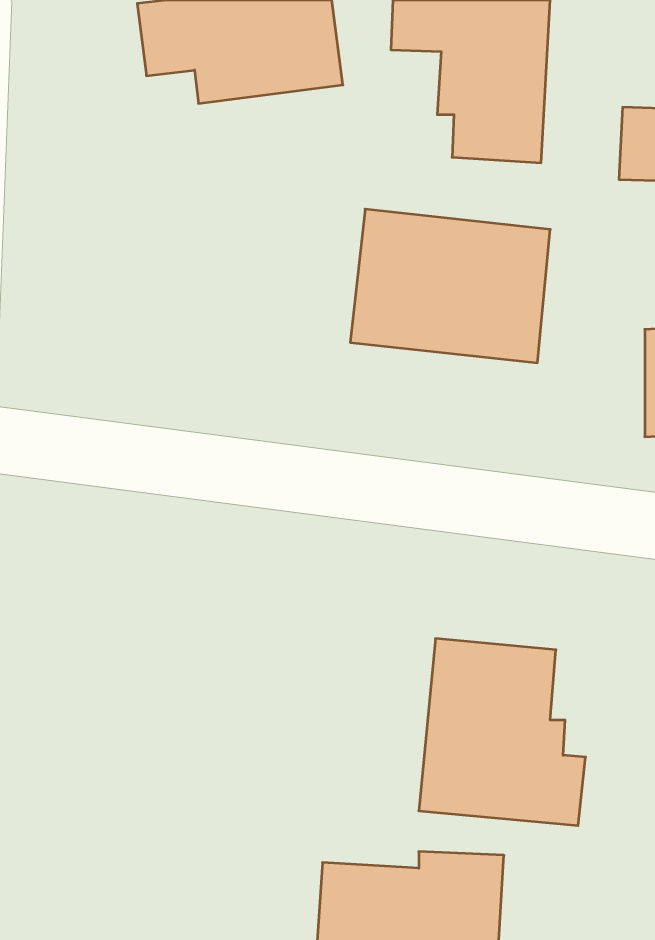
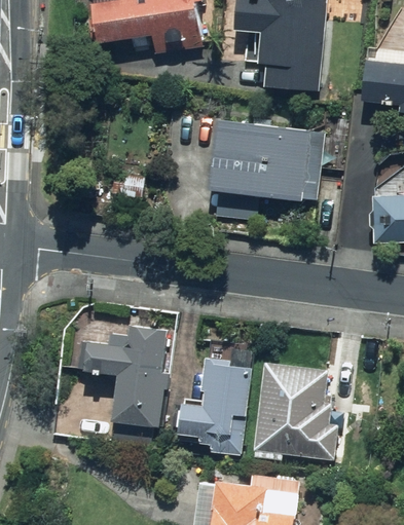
building: none -> [85,330,166,424]
building: none -> [176,357,250,453]

